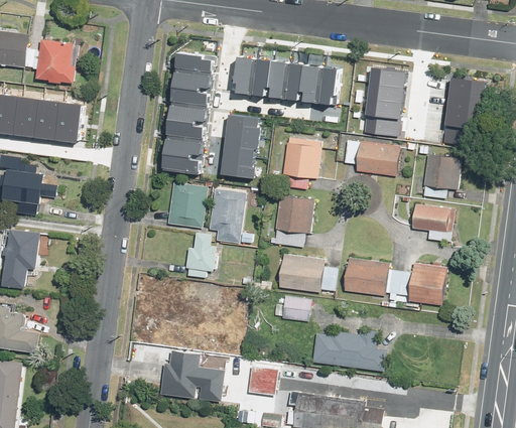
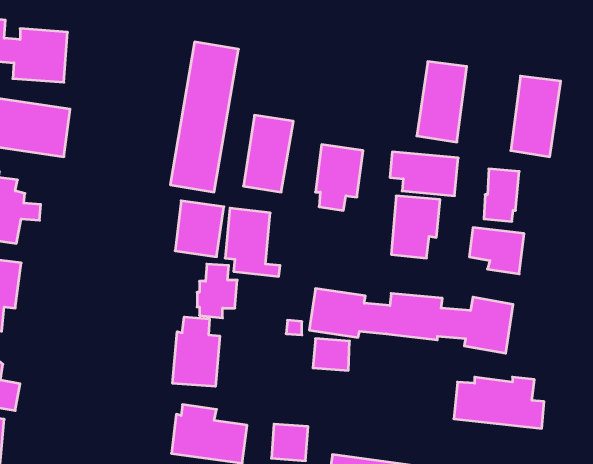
building: [238,52,344,107] -> none
building: [272,195,312,247] -> [391,196,440,258]
building: none -> [173,317,220,386]
building: [308,329,383,372] -> [454,377,544,428]

